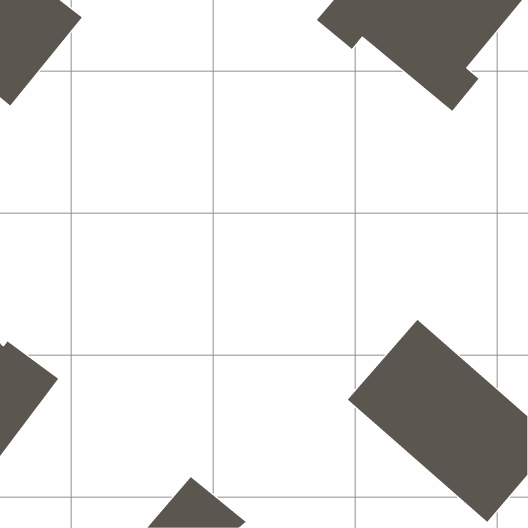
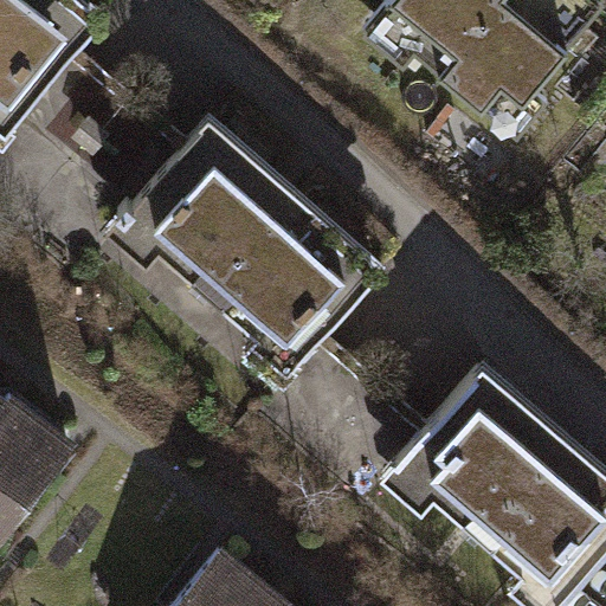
building: none -> [117,118,374,361]

